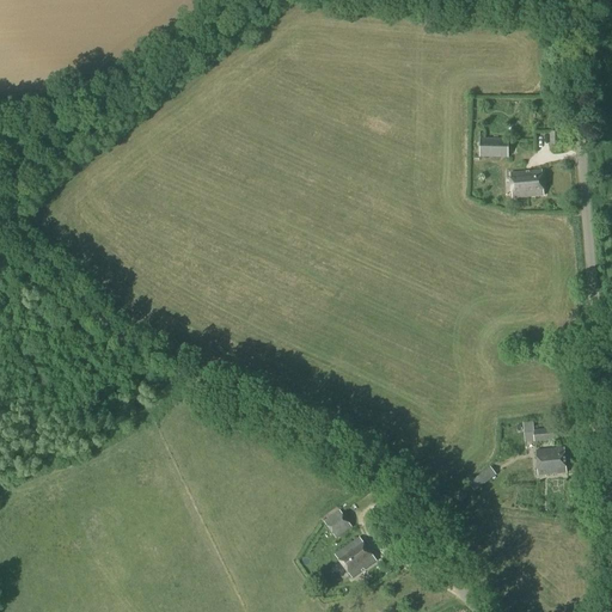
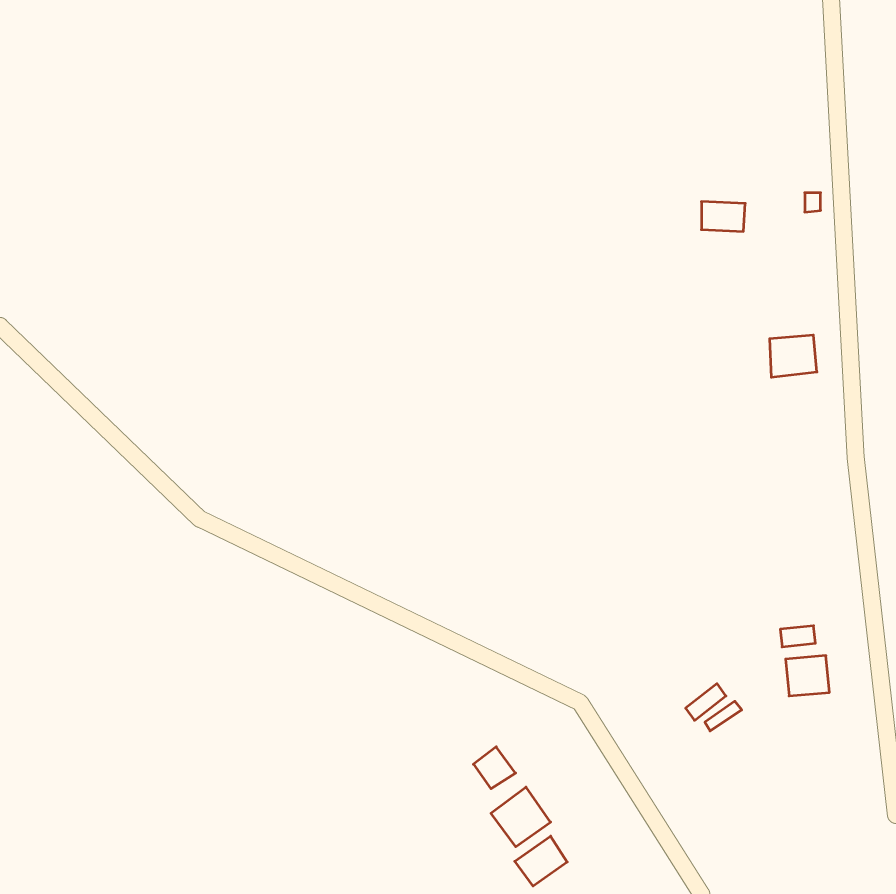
building: [510,170,543,198] -> [770,335,817,377]
building: none -> [515,836,567,886]

